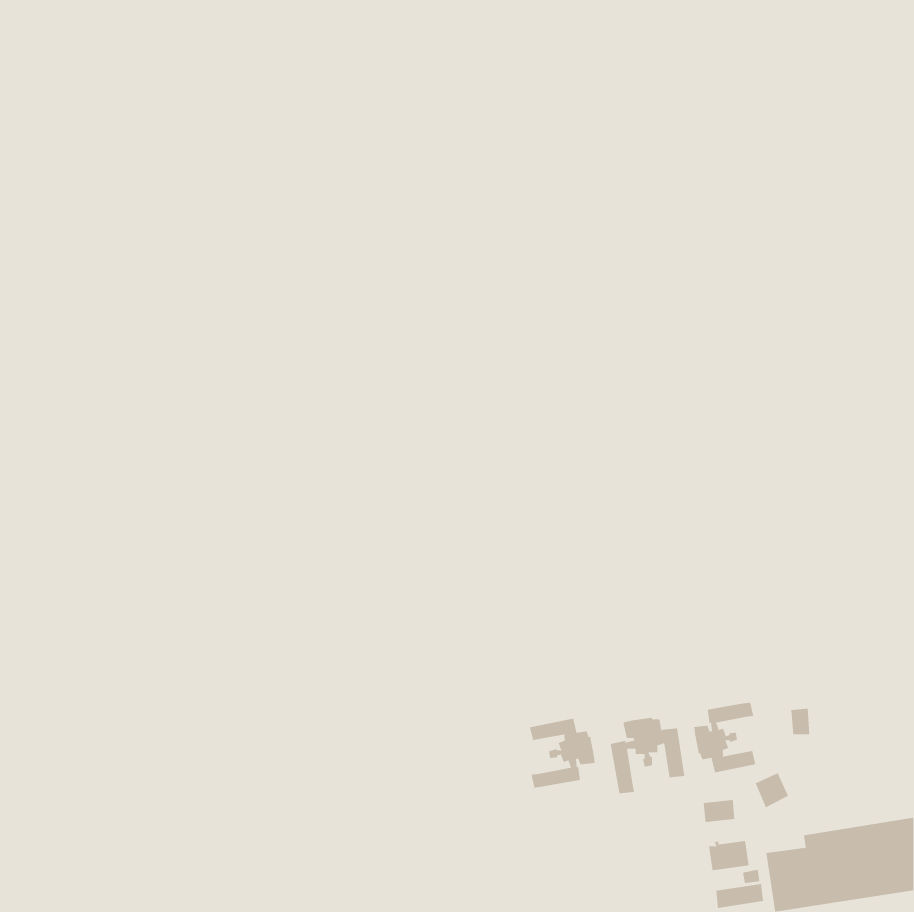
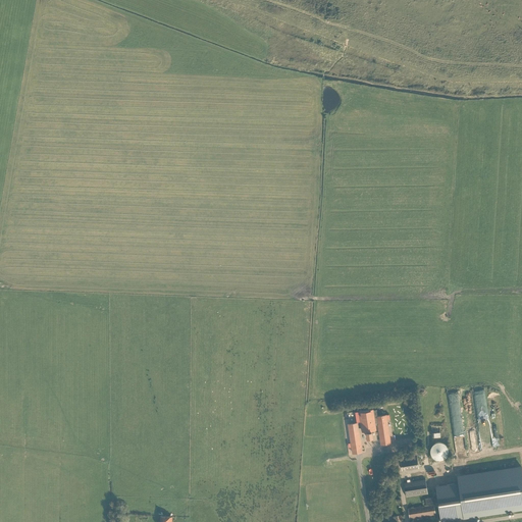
building: [694,702,756,773] -> none
building: [529,718,595,789] -> none

